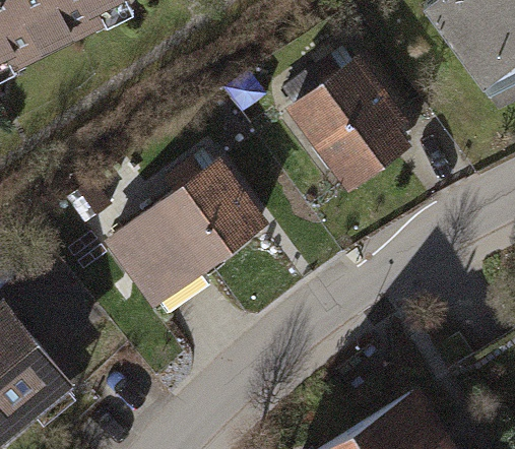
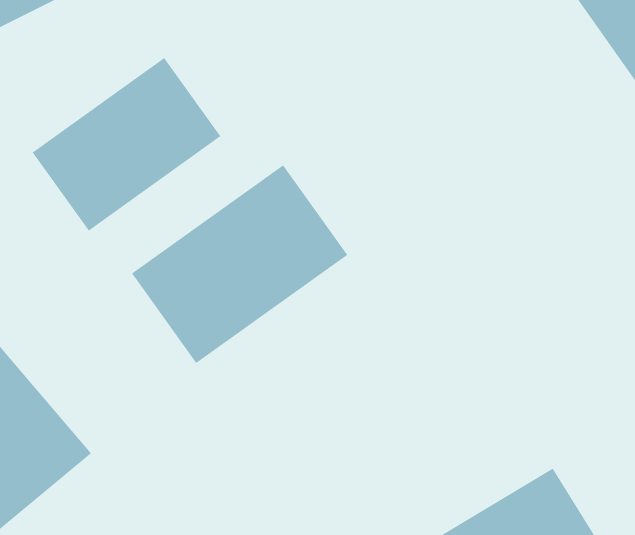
building: [286,53,423,190] -> none
building: none -> [32,57,221,231]

